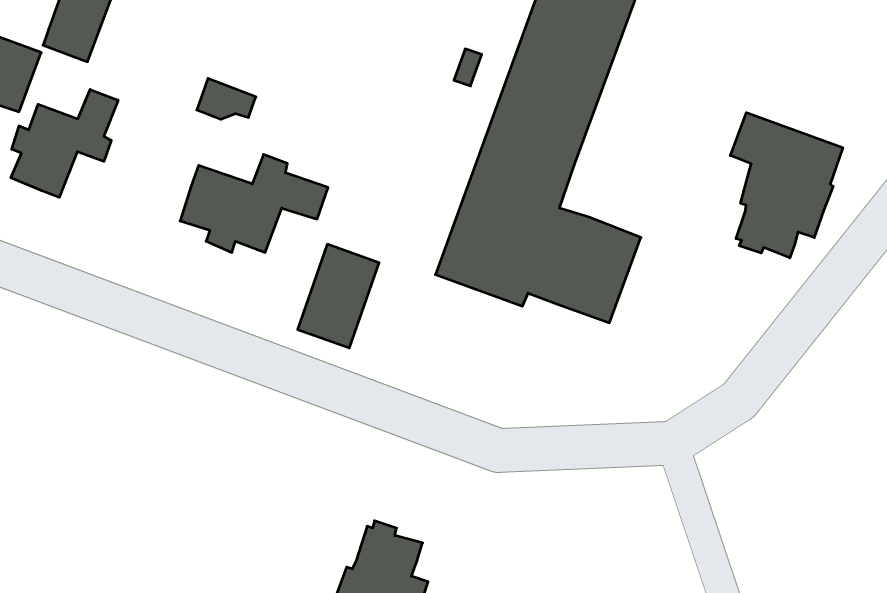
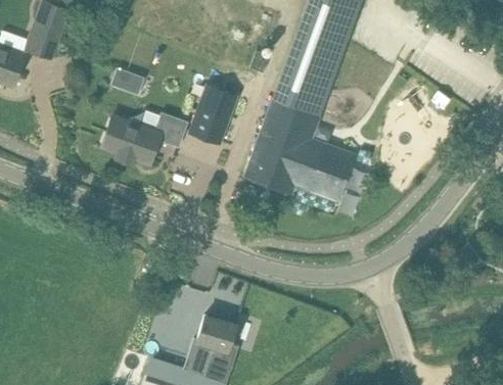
building: [11,89,118,197] -> none
building: [730,113,843,258] -> none
building: [298,244,379,348] -> [191,86,236,143]

